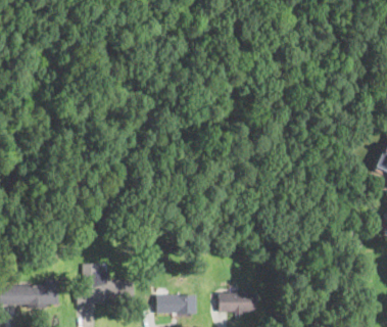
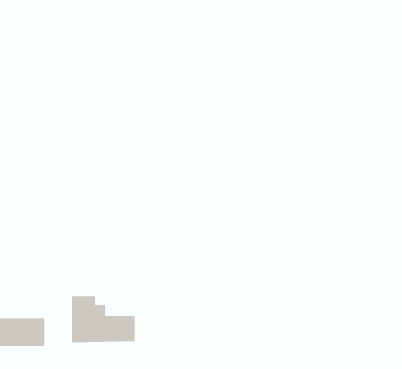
building: [220,292,255,312] -> none
building: [157,294,197,313] -> none

